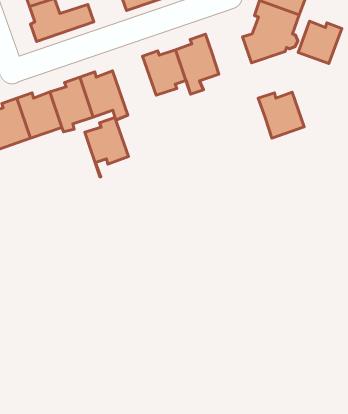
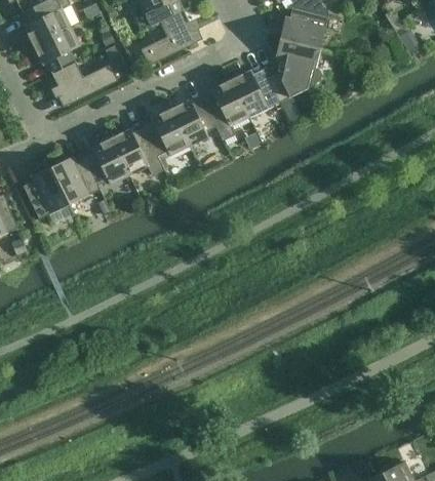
building: [298,21,342,64] -> none
building: [258,92,304,138] -> [230,68,279,116]
building: [85,117,128,177] -> [143,108,189,168]

